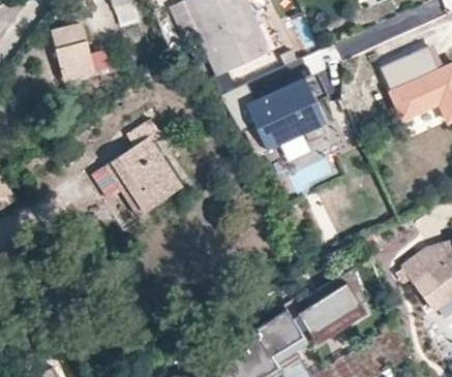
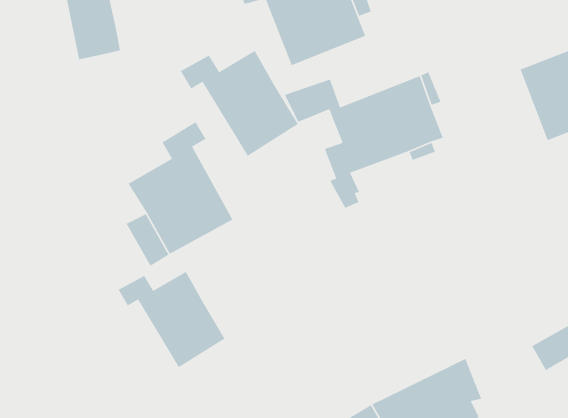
building: none -> [180,50,299,157]
building: none -> [118,271,226,368]

